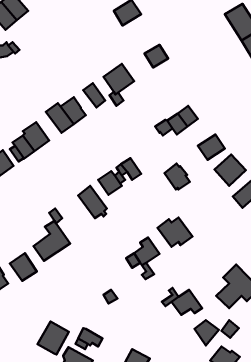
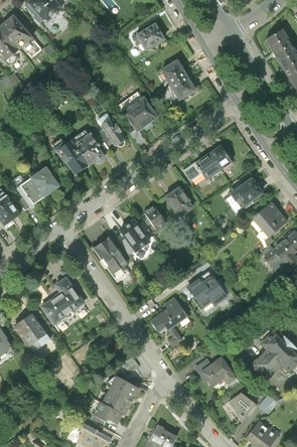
building: none -> [159,58,186,85]
building: [164,163,190,190] -> [162,187,191,217]
building: [37,321,69,354] -> [102,377,138,415]

